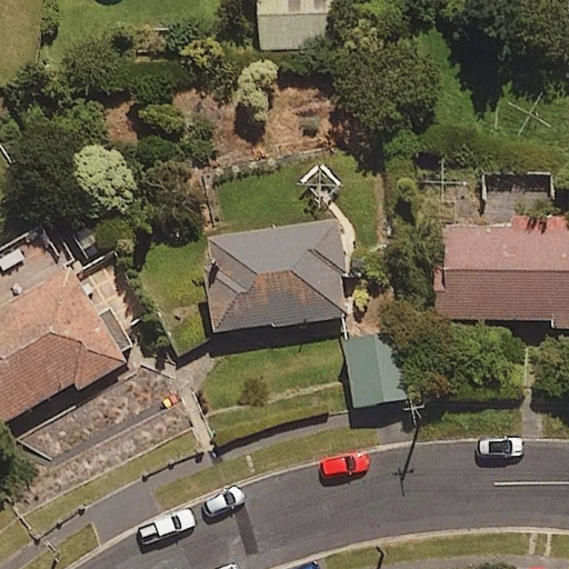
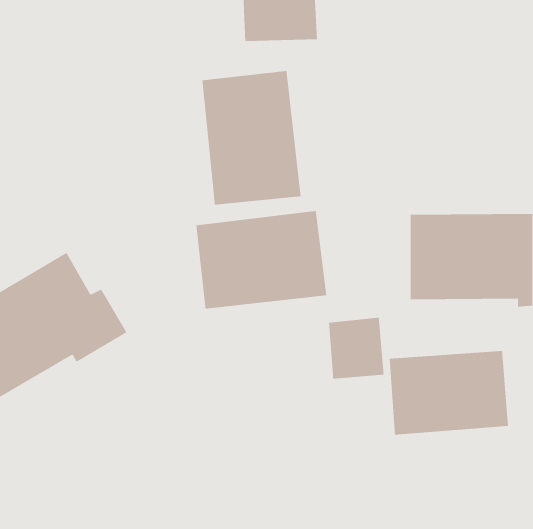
building: none -> [201,70,301,206]
building: none -> [389,350,509,436]

